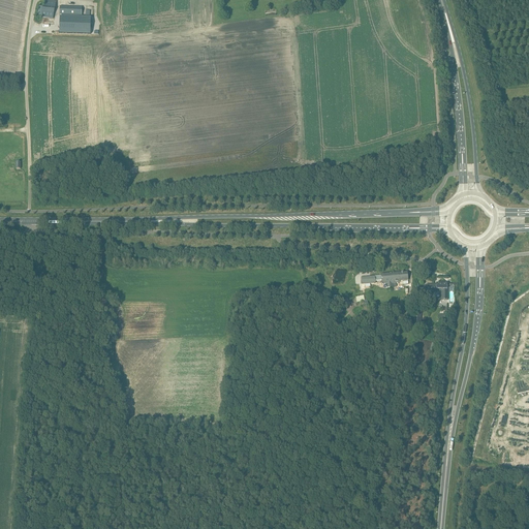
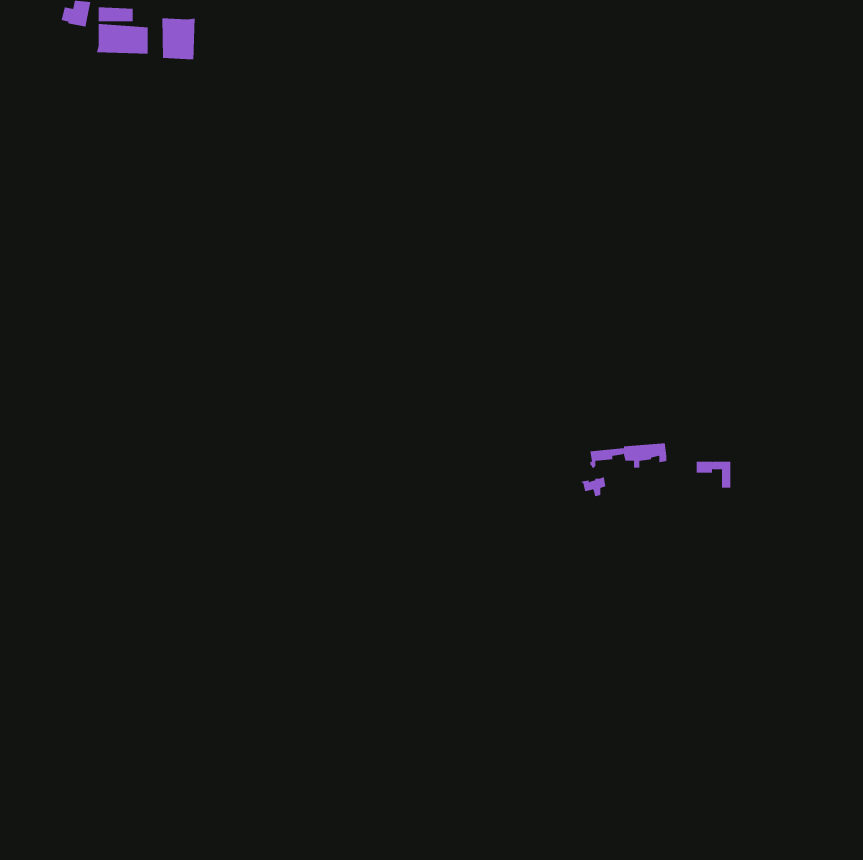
building: none -> [162,17,195,60]

